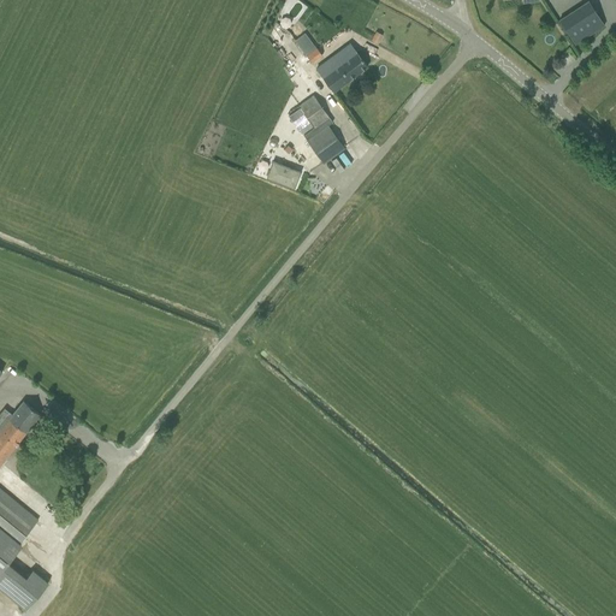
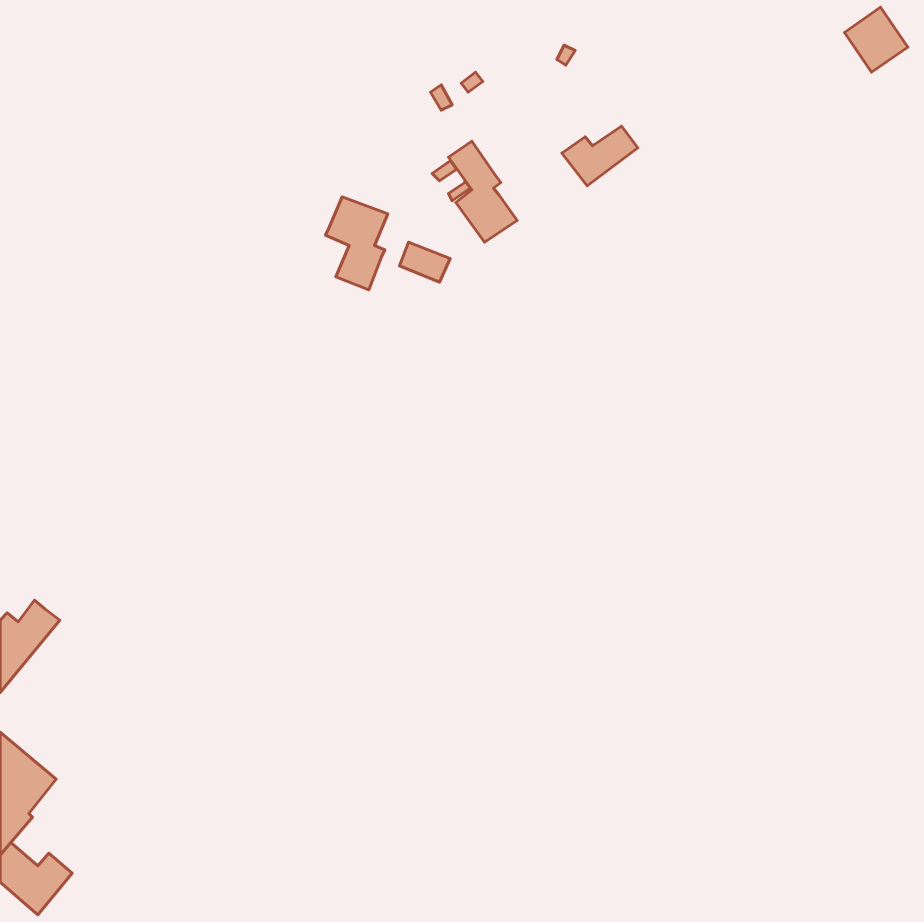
building: [316,51,367,90] -> [562,126,638,186]
building: none -> [326,197,388,290]

